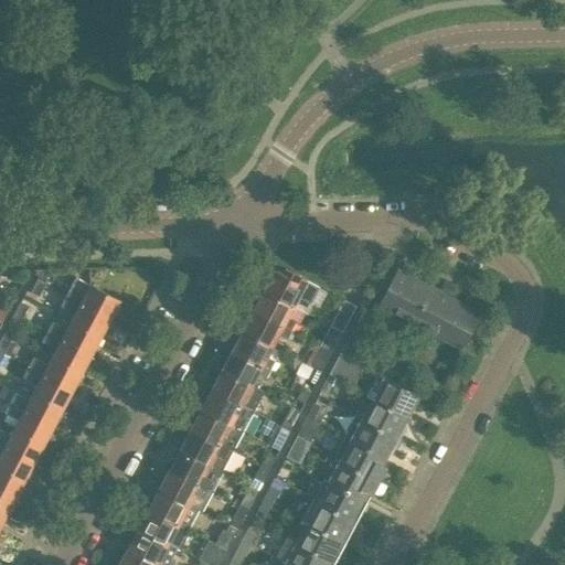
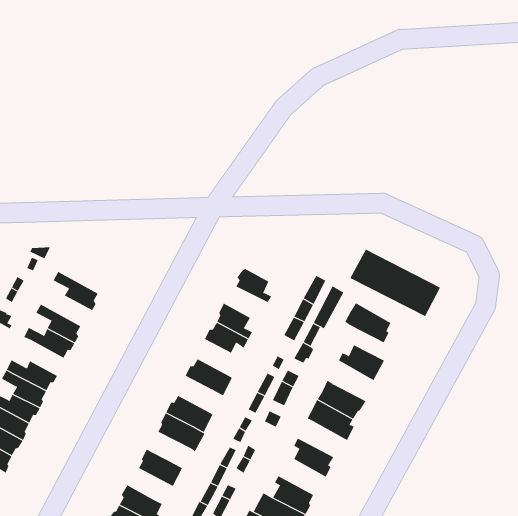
building: [266,275,318,317] -> none
building: [63,280,118,322] -> none
building: [243,315,291,349] -> none
building: [44,323,100,358] -> none
building: [20,370,70,412] -> none
building: [214,372,264,414] -> none
building: [355,395,406,439] -> [344,302,391,343]
building: [193,412,243,454] -> none
building: [323,461,377,500] -> none
building: [159,472,212,513] -> none
building: [302,499,354,541] -> none
building: [138,512,190,546] -> none

